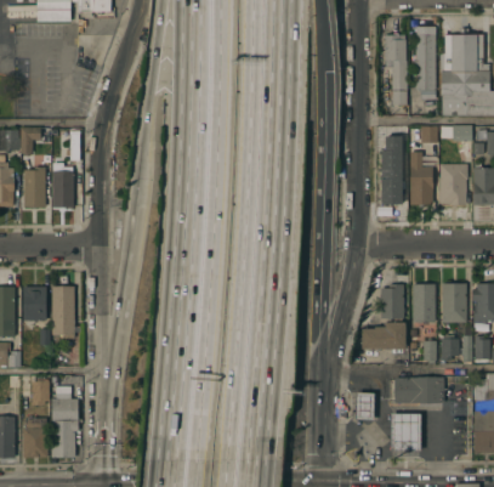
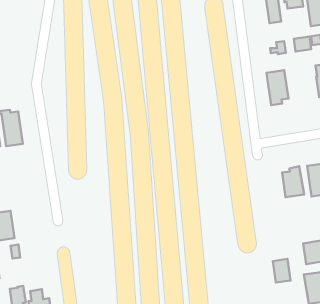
building: [410,151,433,204] -> none
building: [51,287,73,335] -> none
building: [362,322,405,349] -> none

